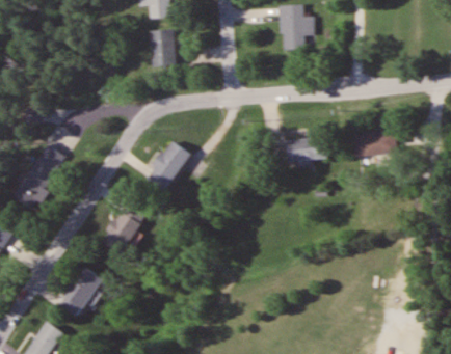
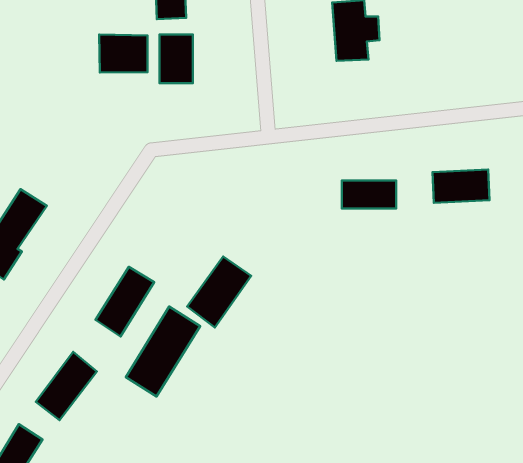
building: none -> [99,35,147,72]
building: [142,140,190,193] -> [187,256,251,327]
building: none -> [126,307,200,397]

